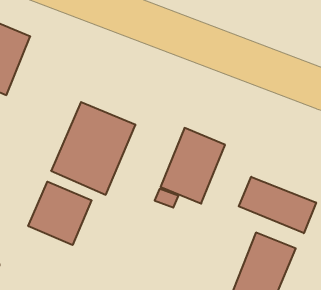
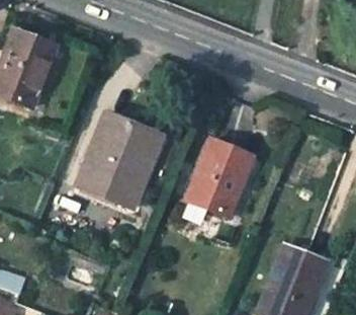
building: [239,177,316,233] -> none
building: [28,182,92,245] -> none

